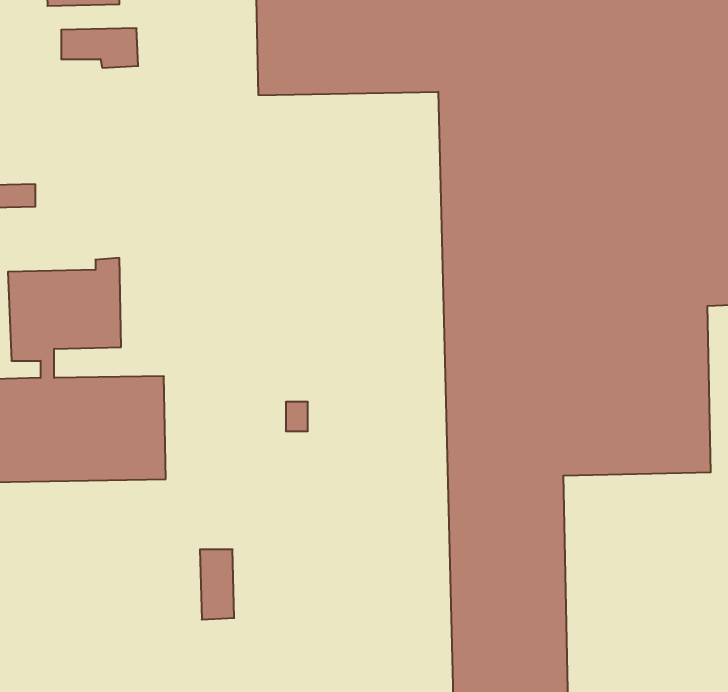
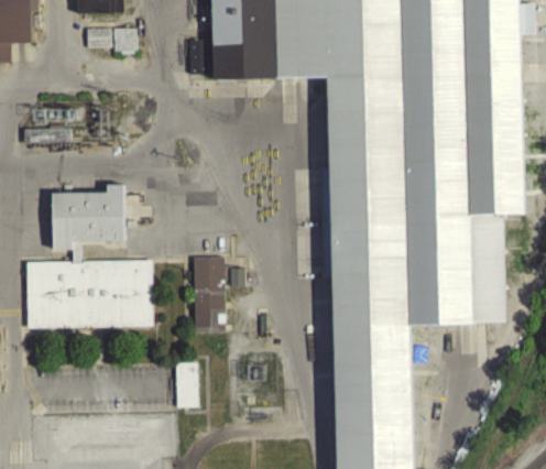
building: none -> [192,255,223,330]

